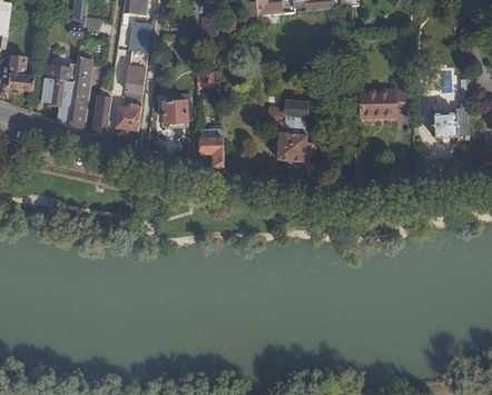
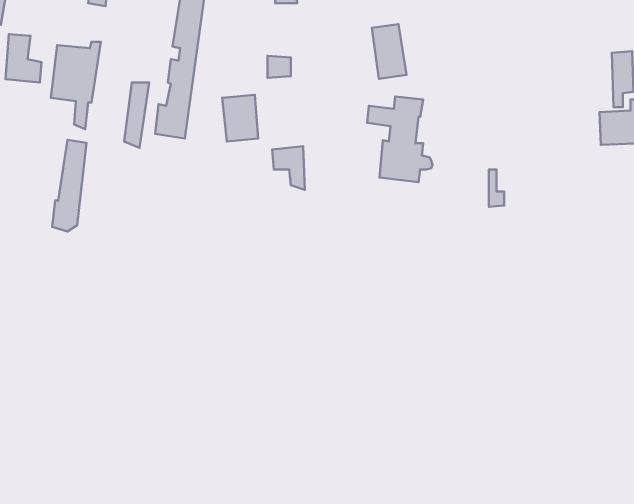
building: none -> [372,24,407,79]
building: [66,61,90,127] -> [52,140,86,232]
building: [360,91,404,117] -> none

